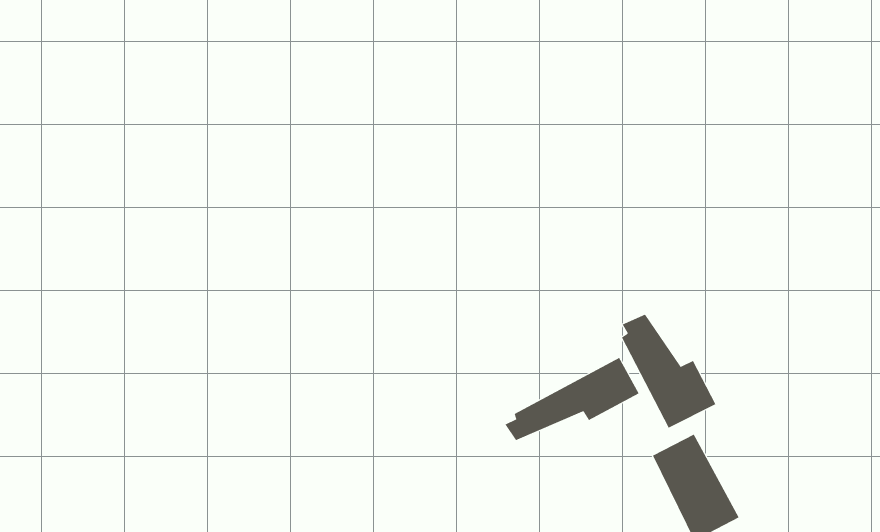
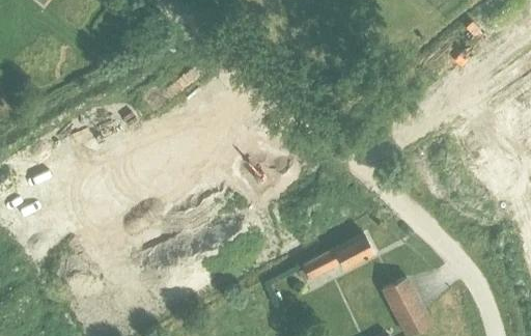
building: [621,314,716,429] -> none

